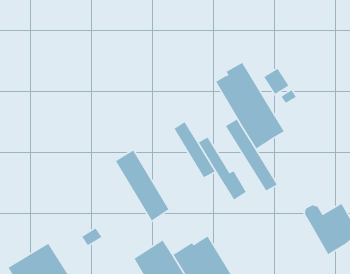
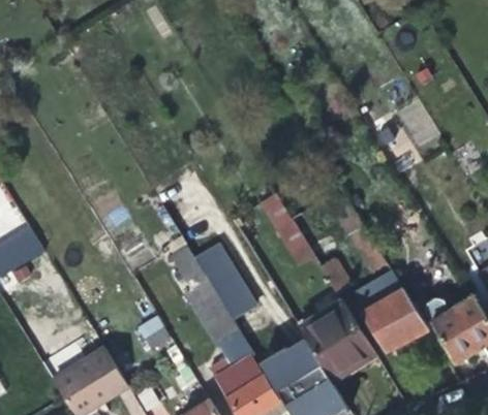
building: [215,62,285,149] -> none
building: none -> [171,245,241,346]
building: none -> [360,285,428,351]
building: none -> [297,298,375,381]

